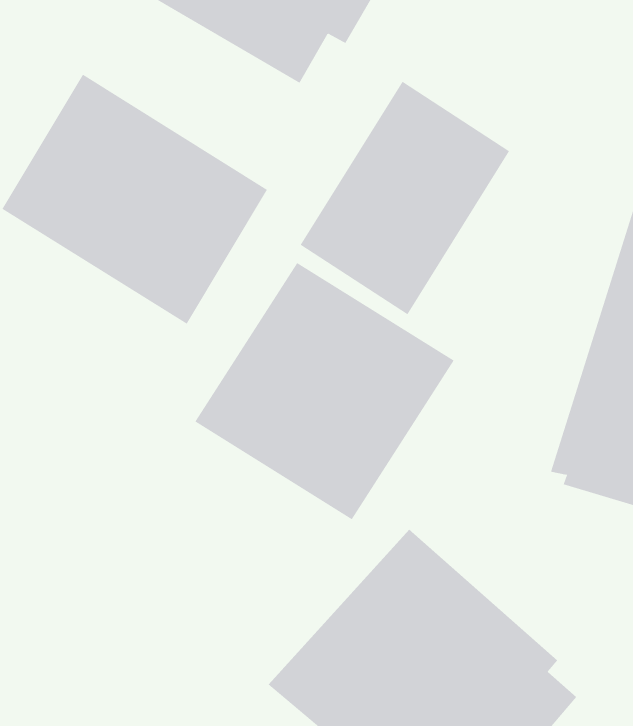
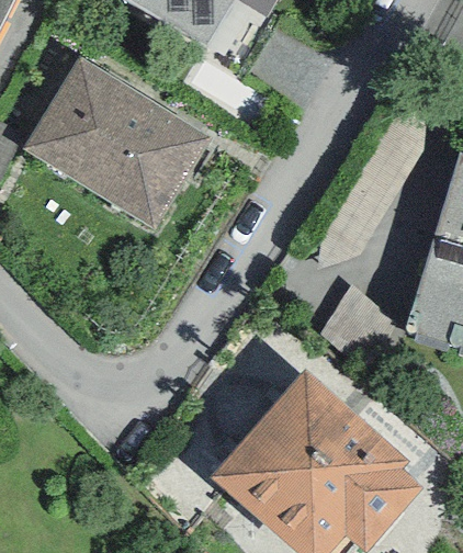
building: [300,81,510,315] -> none
building: [195,262,454,520] -> none

